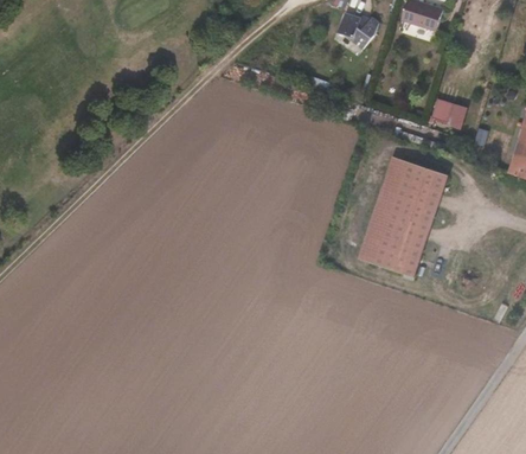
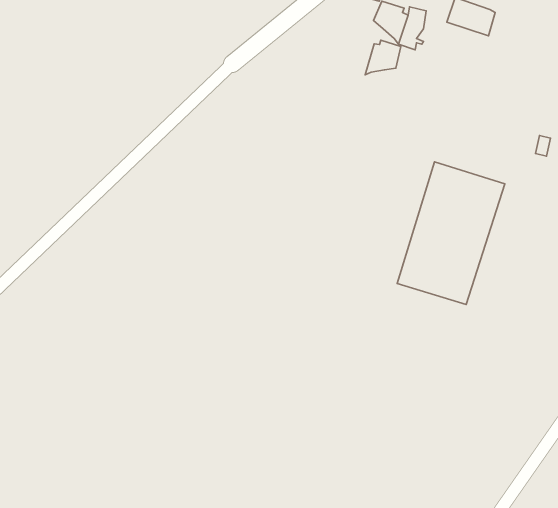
building: none -> [365,40,401,75]
building: [430,97,469,130] -> none

